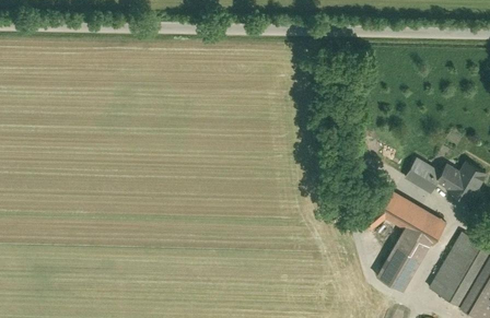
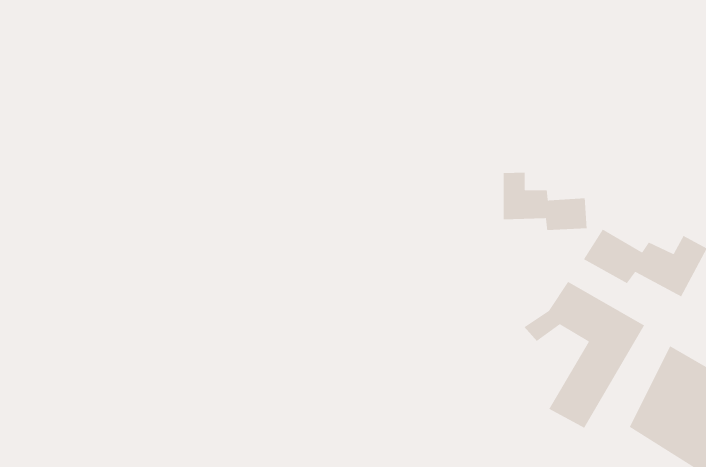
building: none -> [503,172,588,231]

